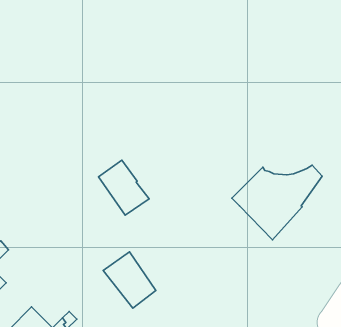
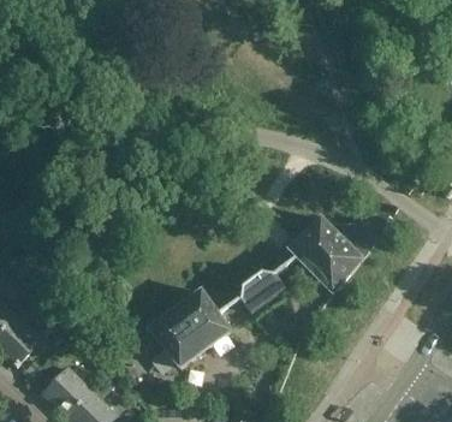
building: [99,160,149,215] -> [176,289,231,349]
building: none -> [239,271,285,313]

